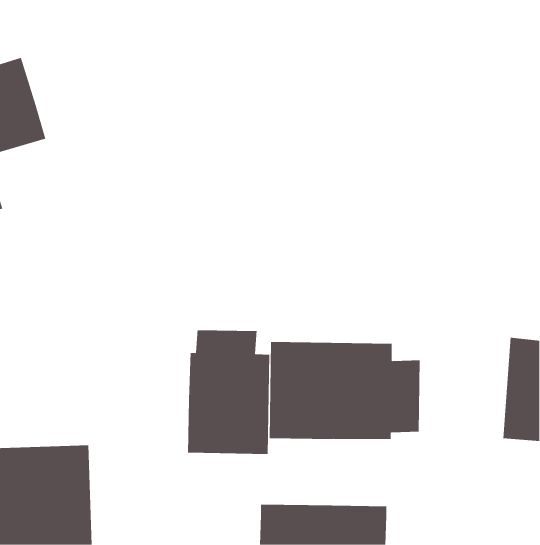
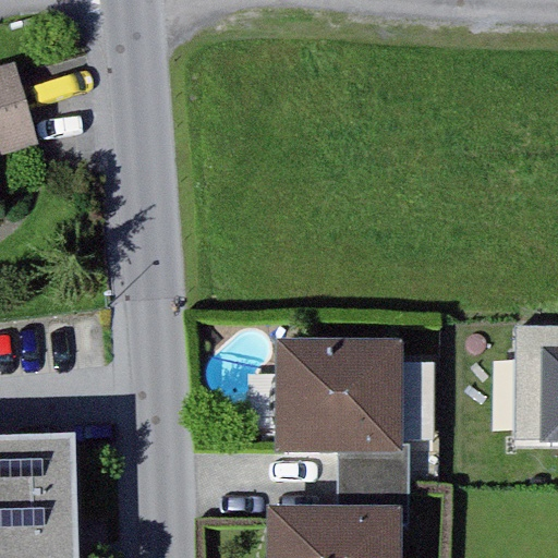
building: [188,330,270,455] -> none
building: none -> [337,445,407,522]

